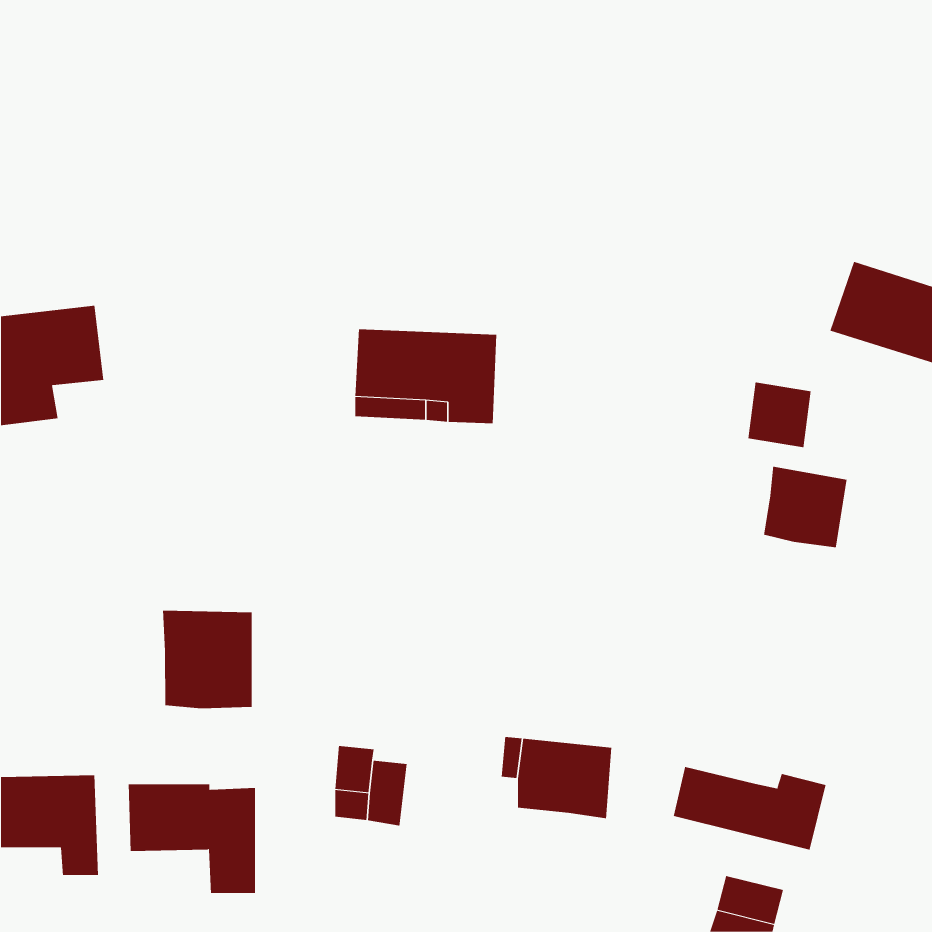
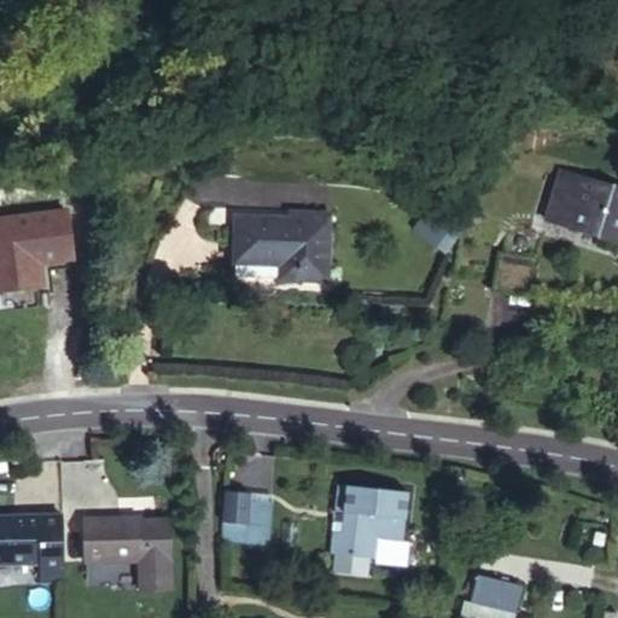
building: [764,466,847,548] -> none
building: [162,610,252,709] -> none
building: [673,766,826,851] -> none
building: none -> [330,523,377,561]

